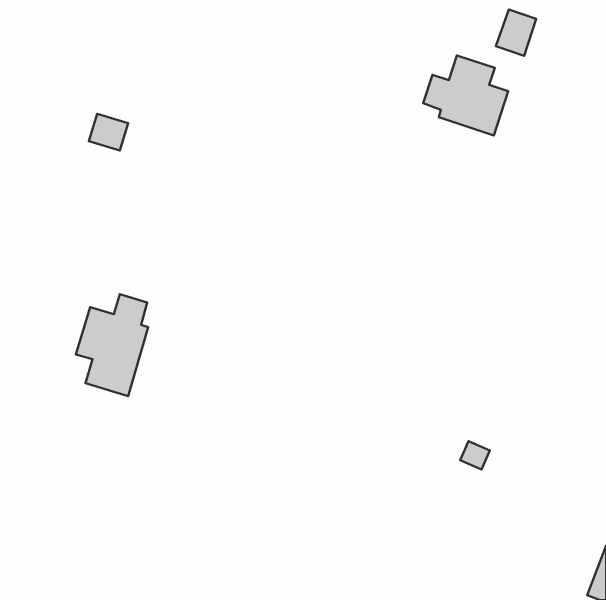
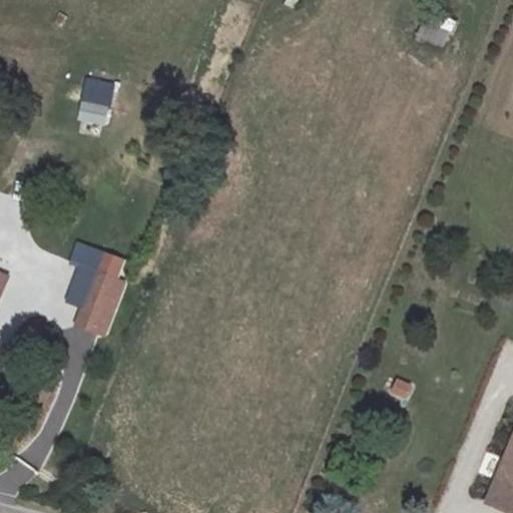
building: [423,55,508,136] -> none

